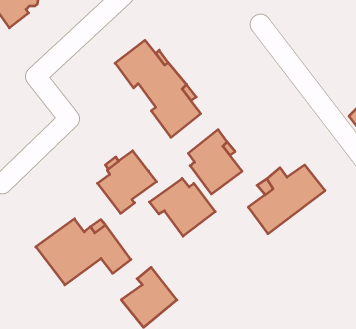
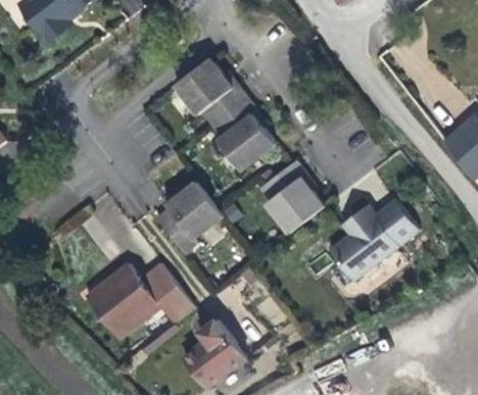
building: [149,178,215,236] -> none

